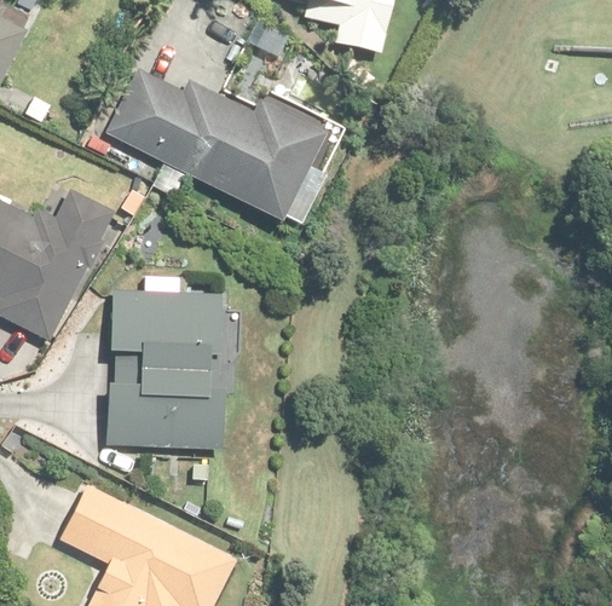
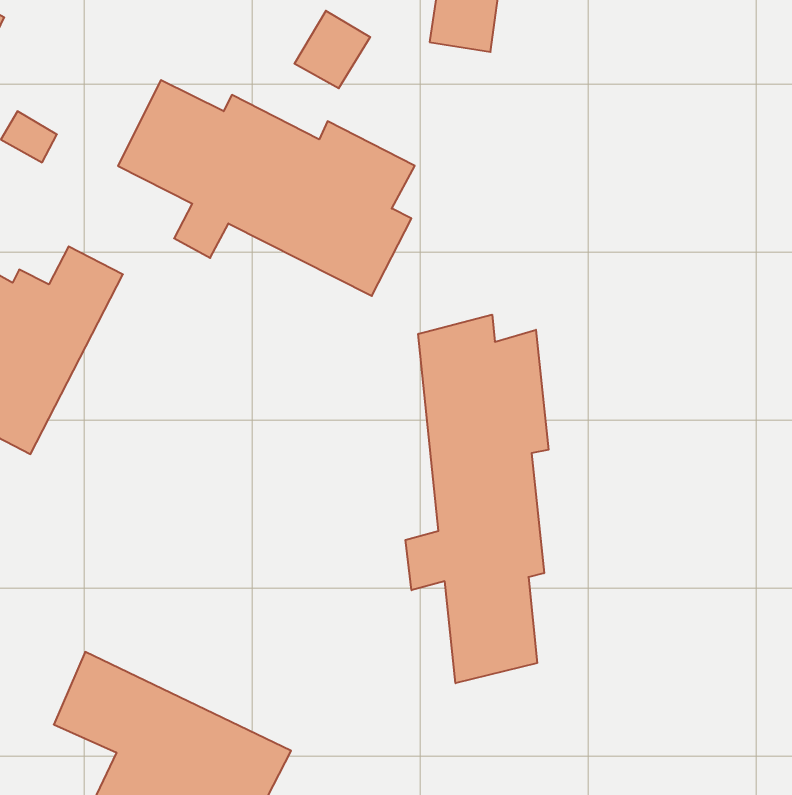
building: none -> [405,315,549,683]
building: [105,287,224,450] -> none

